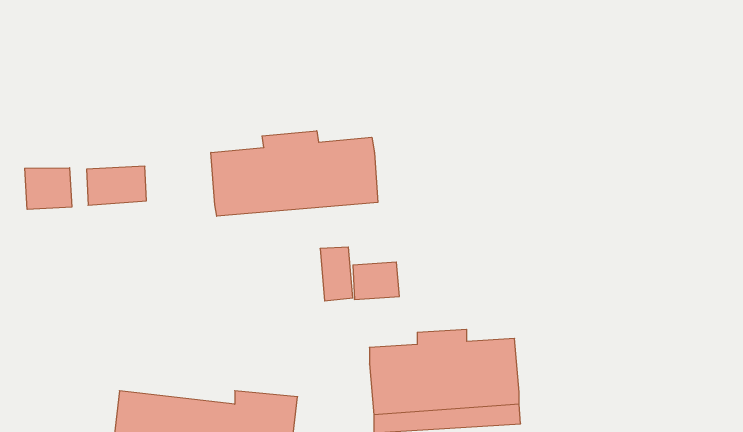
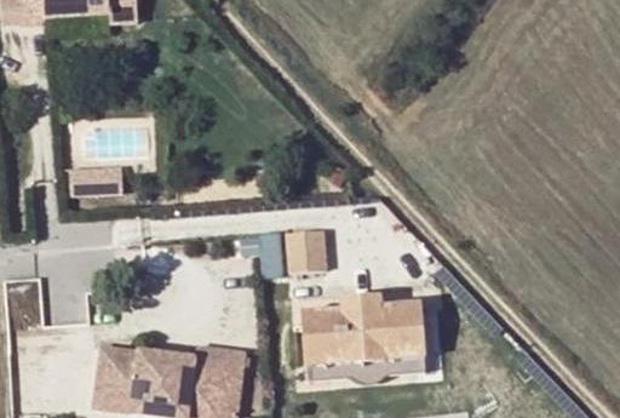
building: [211,131,378,216] -> none
building: [25,168,72,209] -> none

